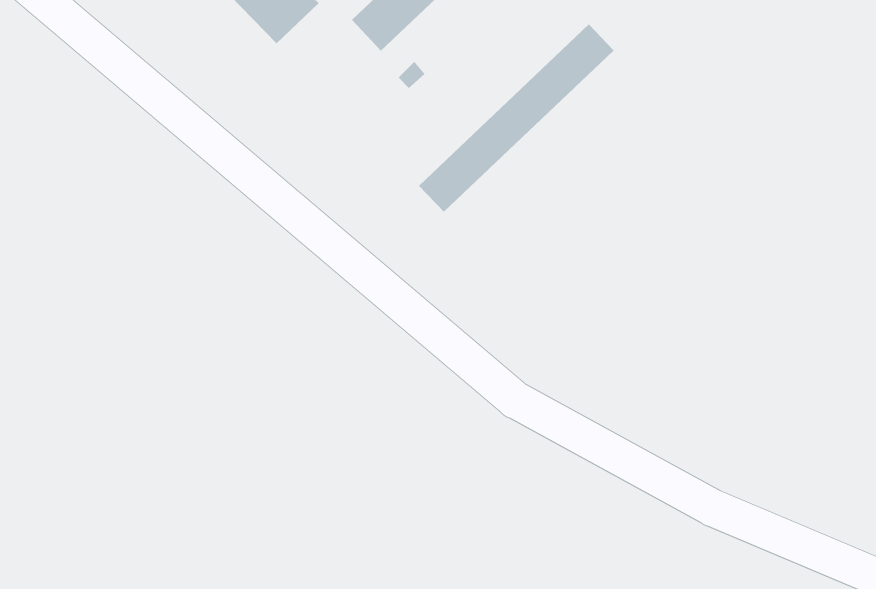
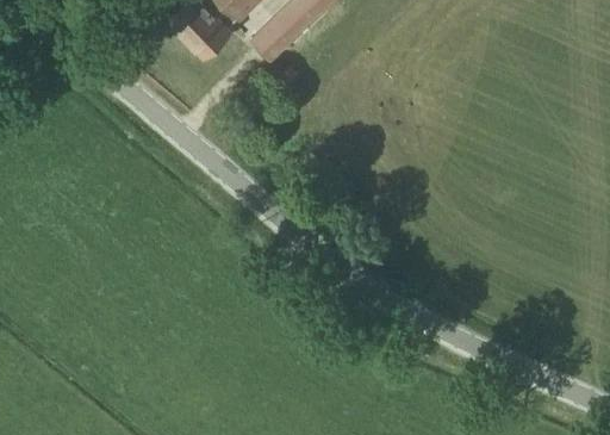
building: [418,24,614,212] -> none

